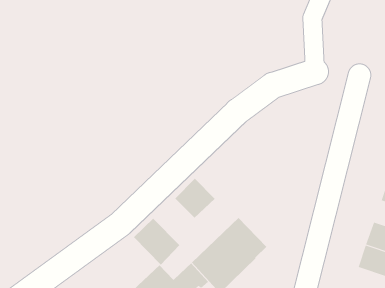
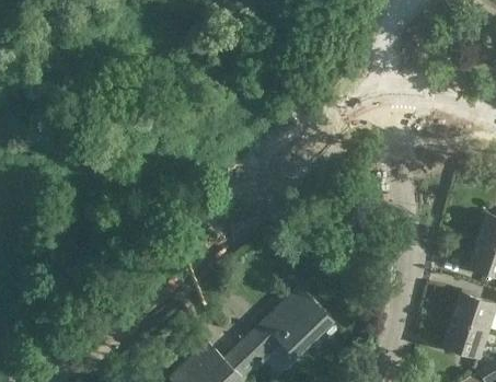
building: [174,178,215,219] -> none
building: [133,218,180,265] -> none

